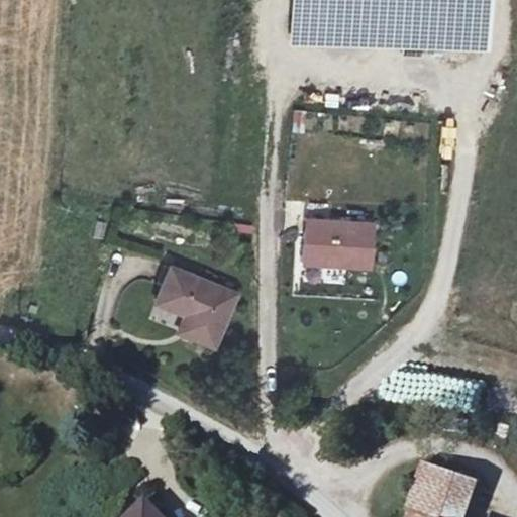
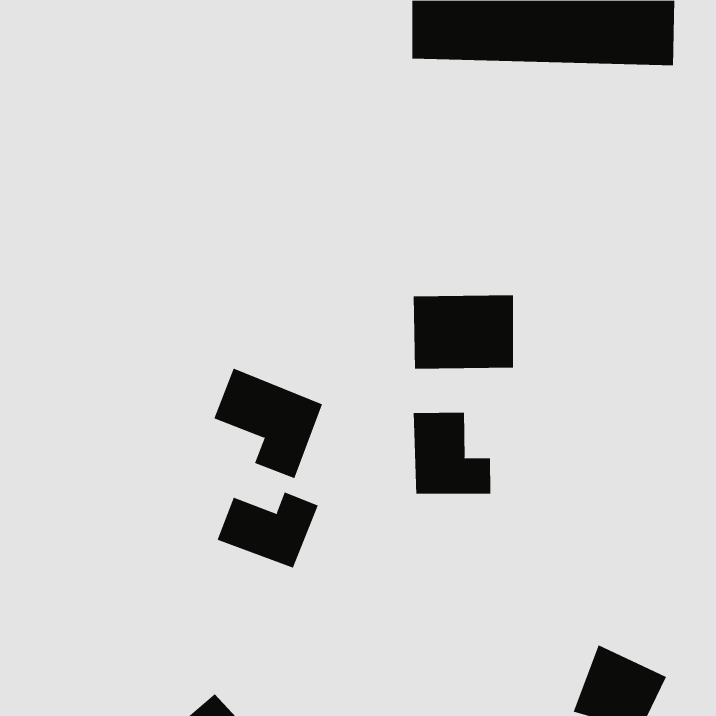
building: none -> [413,412,491,495]
building: none -> [217,492,319,569]

